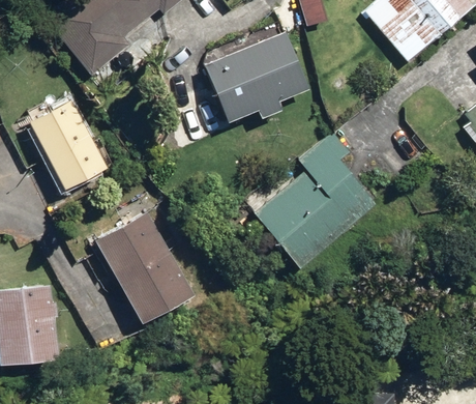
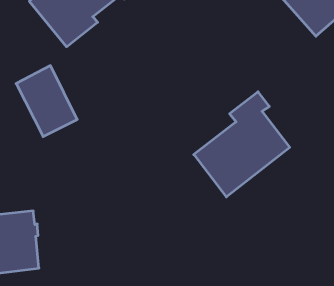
building: [205,31,309,122] -> none
building: [96,212,191,321] -> none

